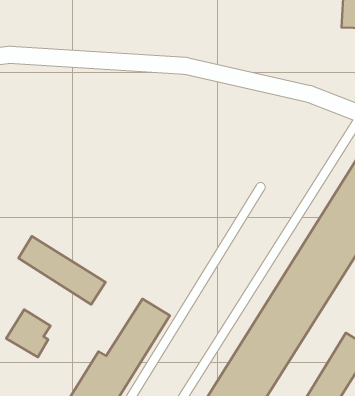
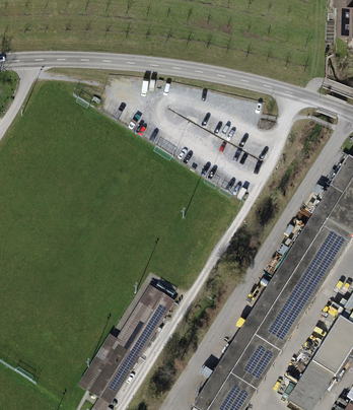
building: [19,236,106,304] -> none
building: [6,309,50,357] -> none

